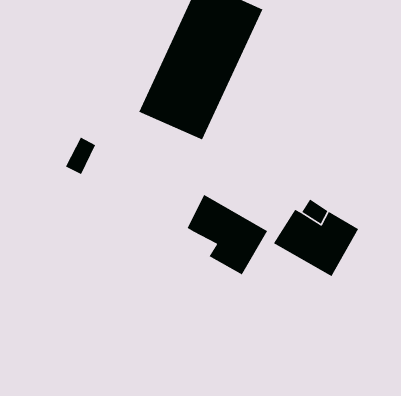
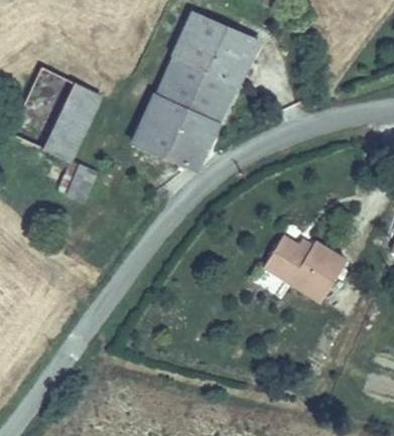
building: none -> [13,68,100,161]
building: [187,194,268,275] -> none

